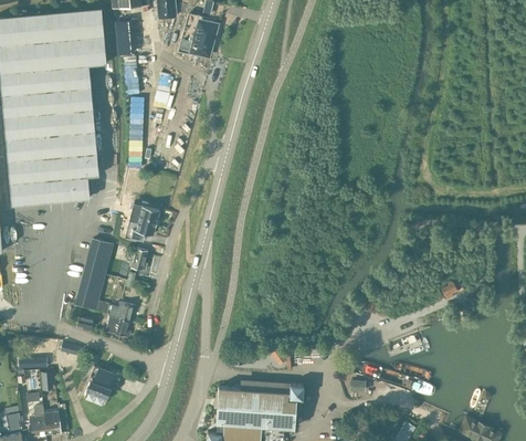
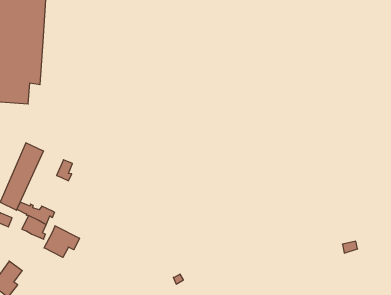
building: [129,209,159,244] -> none
building: none -> [44,226,79,257]

